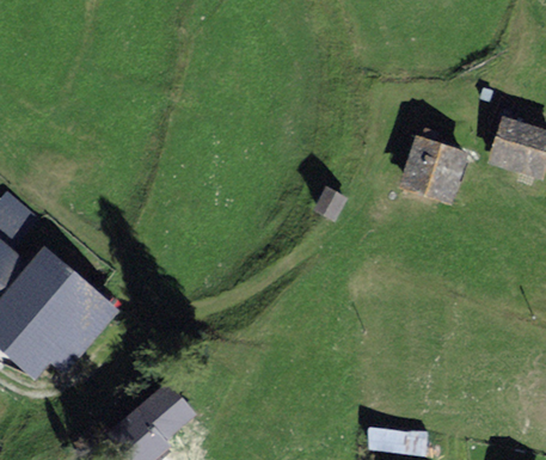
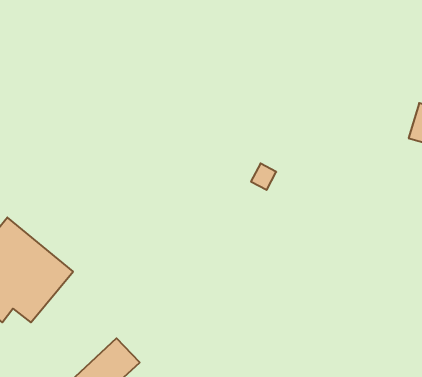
building: [403,137,462,197] -> none

